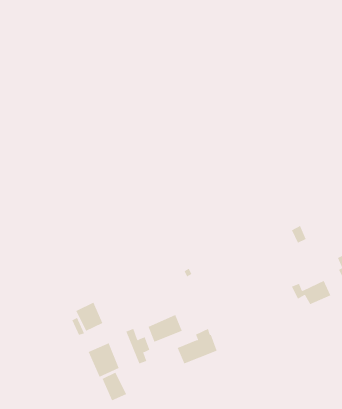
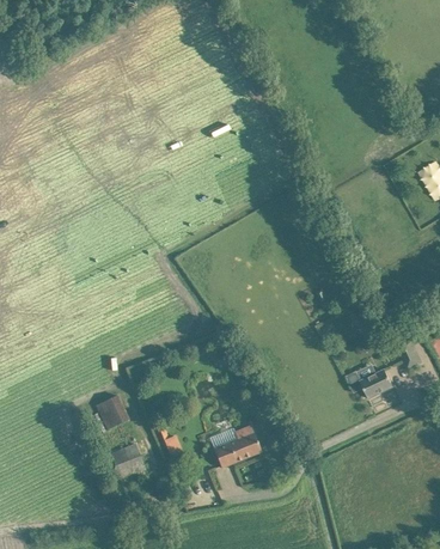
building: [148,314,183,343] -> none
building: [102,372,127,401] -> none

